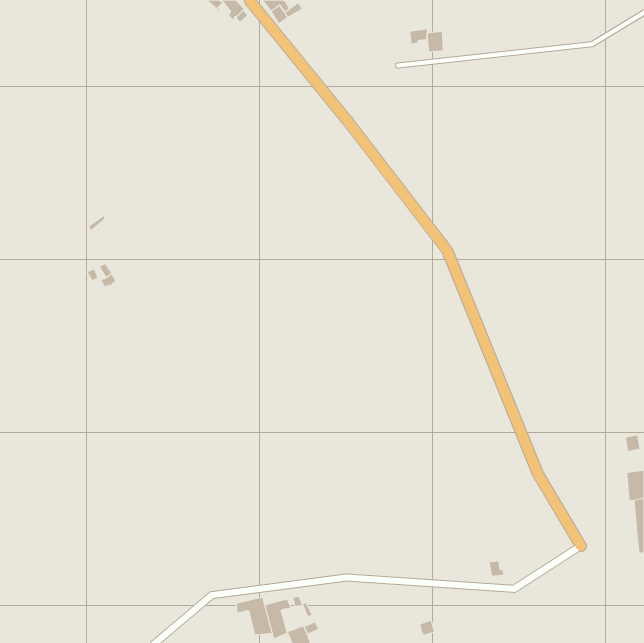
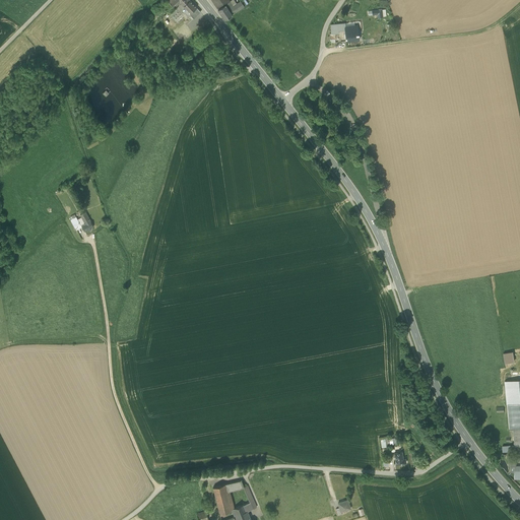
building: [236,597,272,635] -> none

